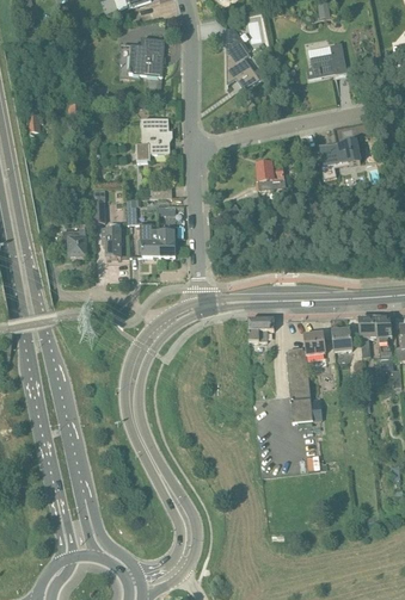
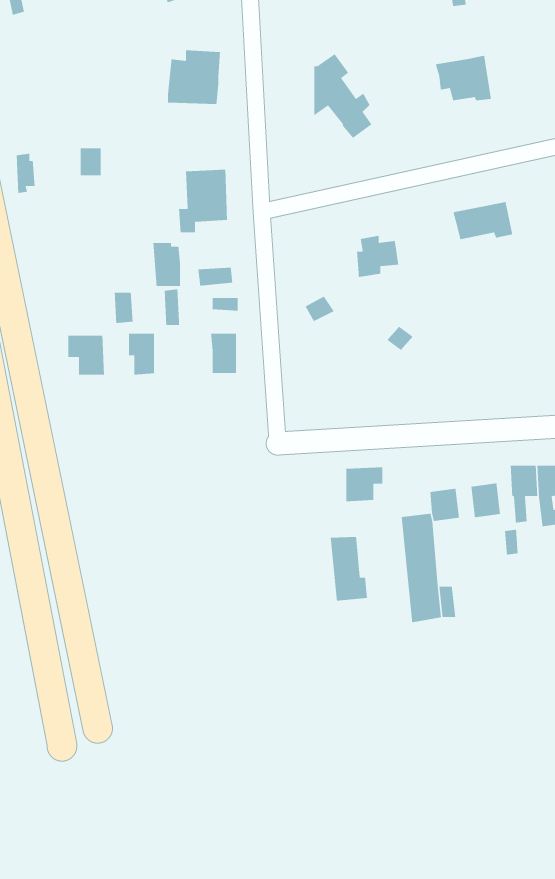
building: [139,225,158,255] -> [152,242,181,287]
building: none -> [330,536,368,601]

